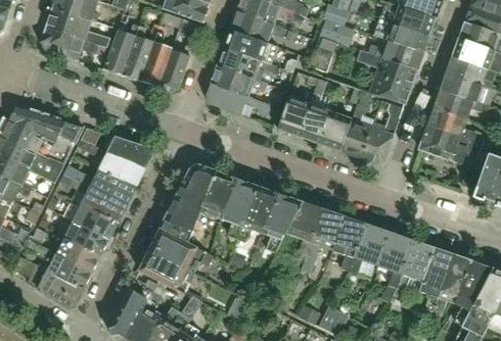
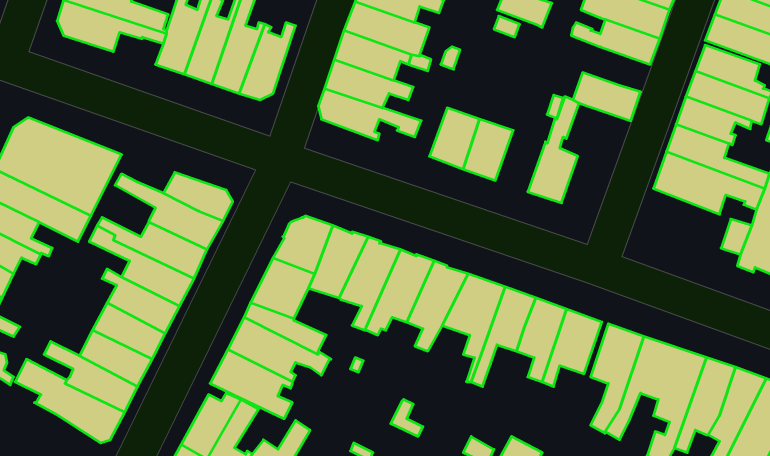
building: [357,49,417,86] -> none
building: [361,103,403,162] -> none
building: [319,110,351,149] -> none

